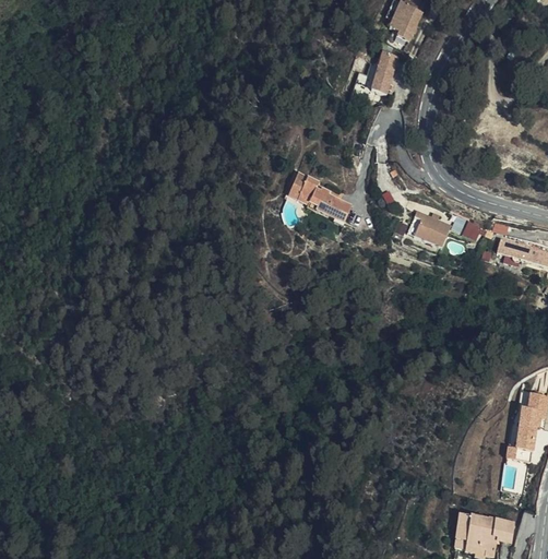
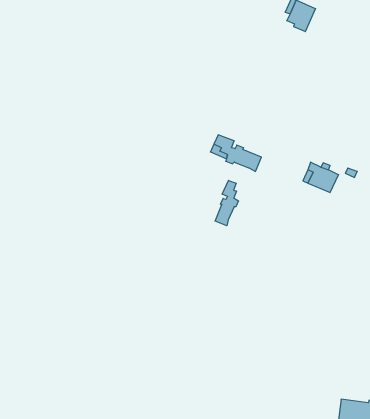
building: [372,52,401,94] -> none
building: none -> [215,180,239,226]

